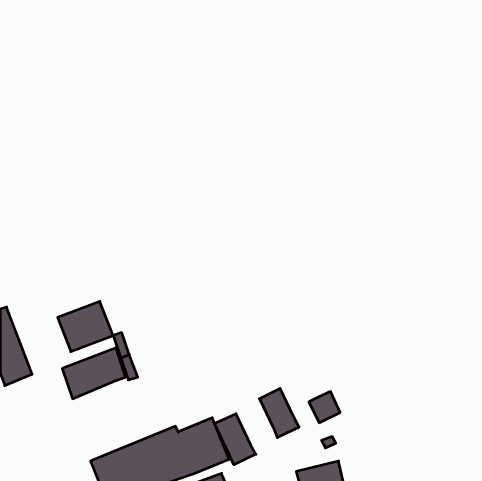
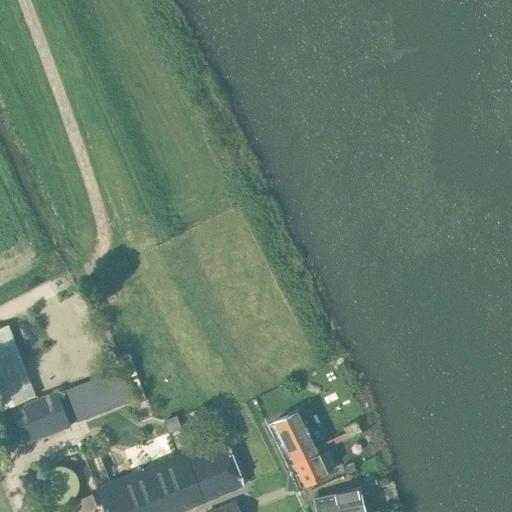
building: [58,301,113,352] -> [11,393,70,446]
building: [309,392,340,423] -> [294,454,327,487]
building: [215,414,256,465] -> none

